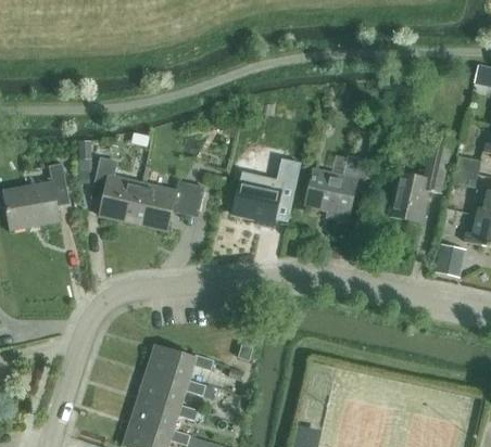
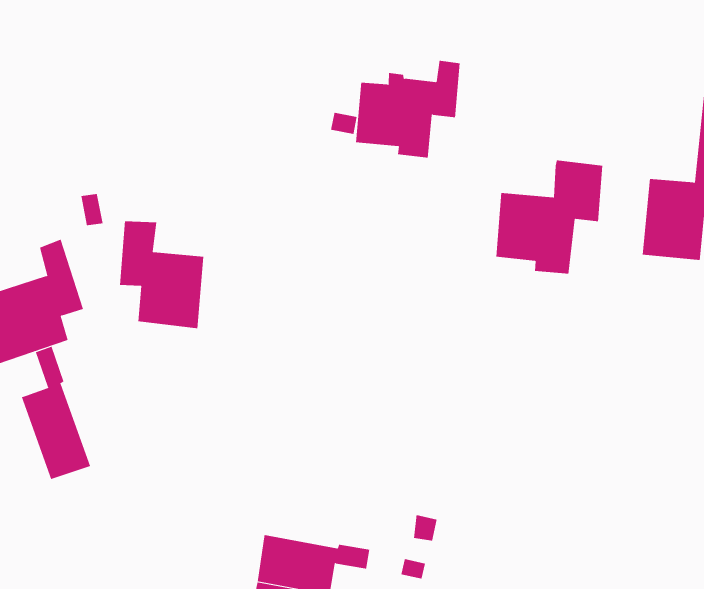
building: [231,173,297,227] -> [355,60,460,158]
building: [133,180,189,230] -> none
building: none -> [21,346,91,480]

